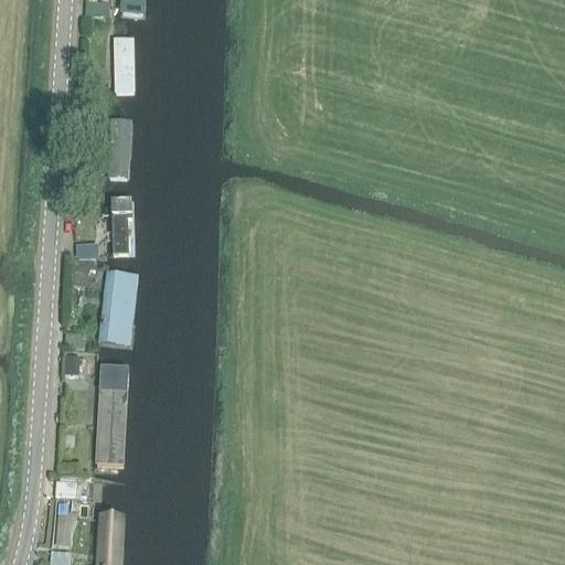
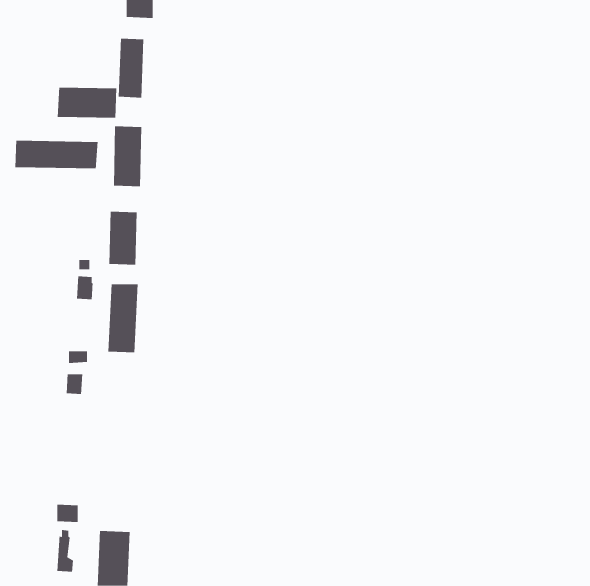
building: none -> [57,87,117,118]
building: none -> [15,140,98,169]
building: [96,362,127,467] -> none

